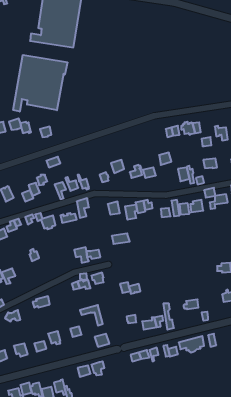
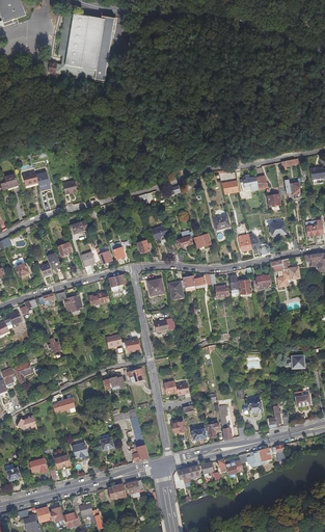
building: [13,55,67,112] -> none

